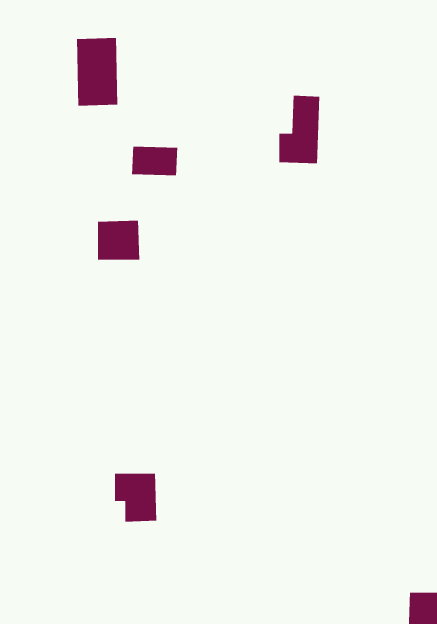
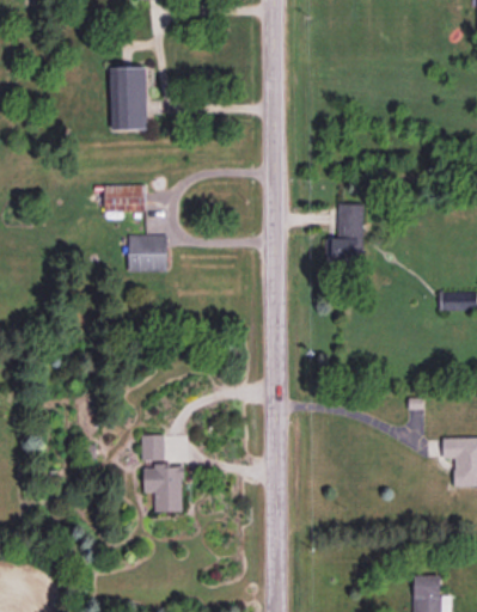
building: [279,95,320,164] -> [325,203,363,267]
building: [131,146,178,176] -> [103,184,146,212]
building: none -> [141,434,165,460]

